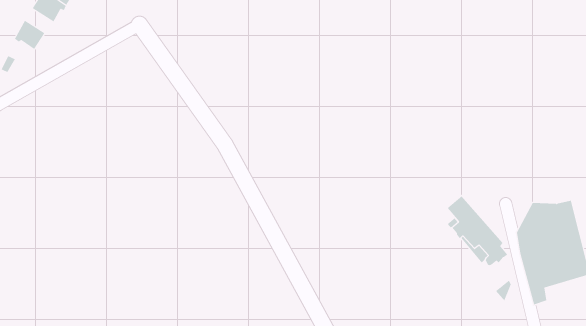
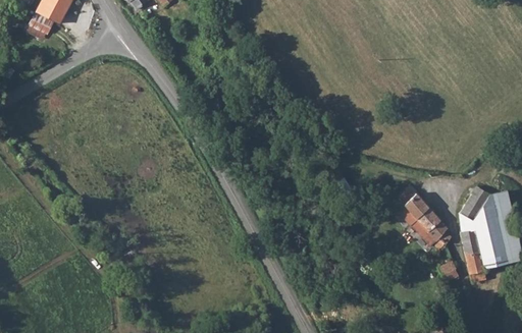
building: [14,20,45,50] -> none

